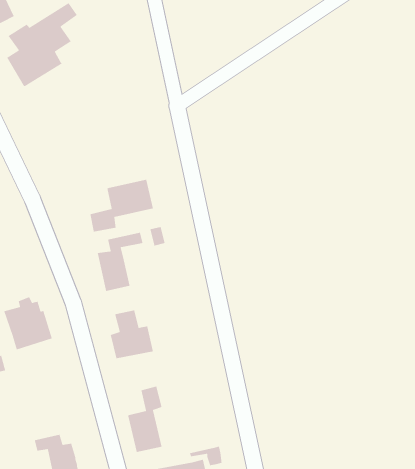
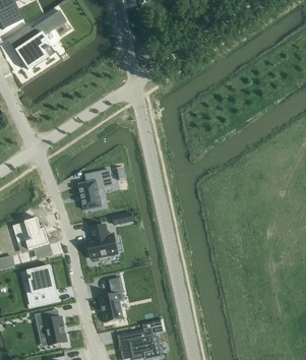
building: [89,179,154,233] -> none
building: none -> [29,266,54,304]

